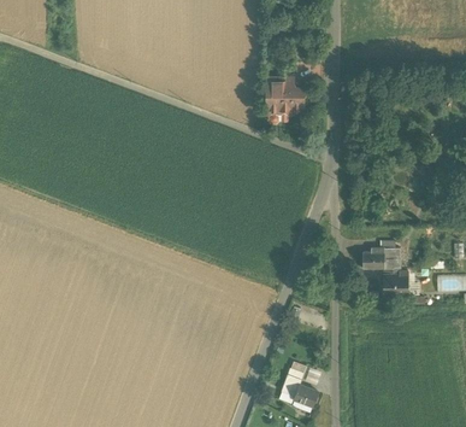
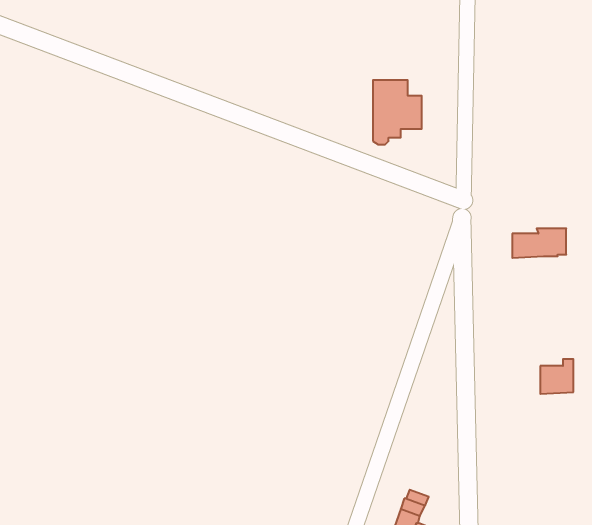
building: [362,248,400,269] -> [512,228,566,258]

